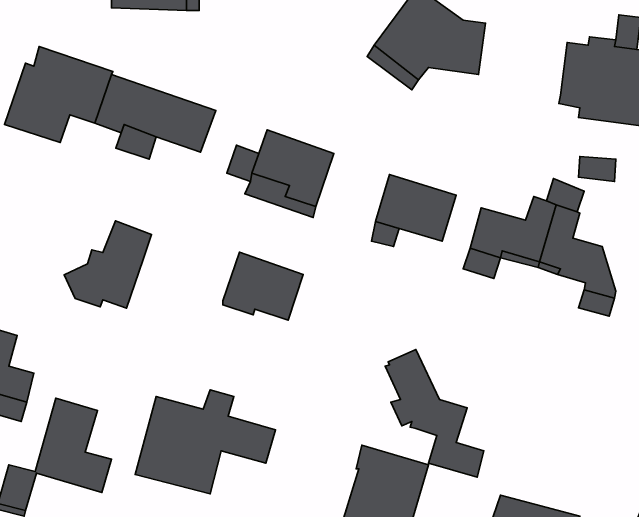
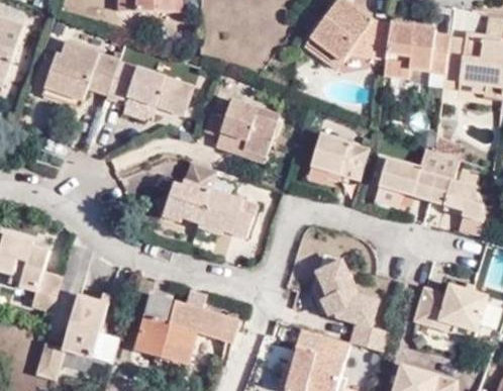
building: none -> [383,21,449,78]
building: [64,221,152,308] -> [154,160,217,223]
building: none -> [414,284,488,332]

